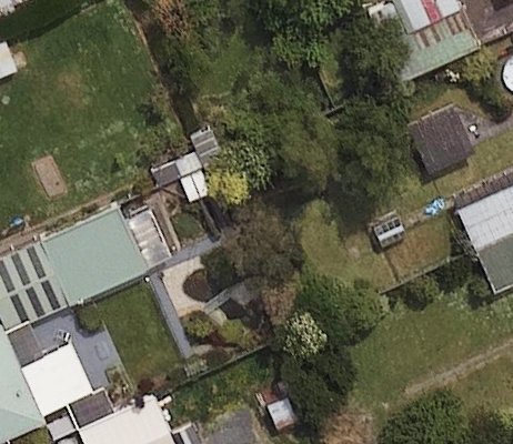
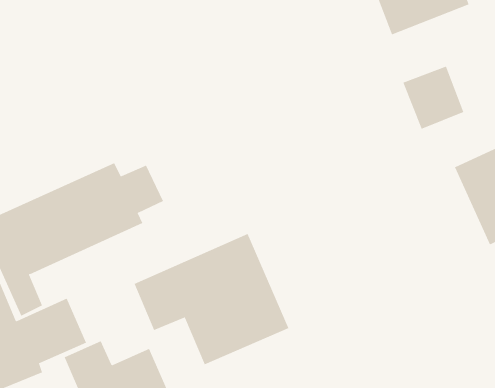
building: none -> [134,233,289,365]

